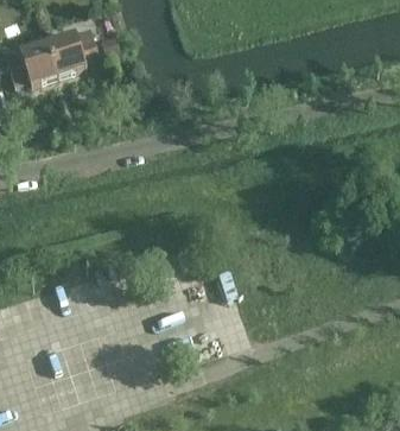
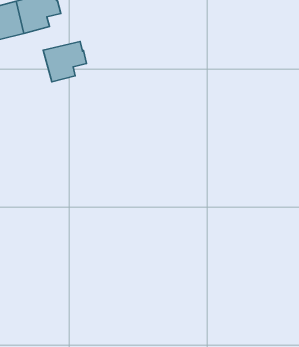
building: none -> [43,42,86,82]

